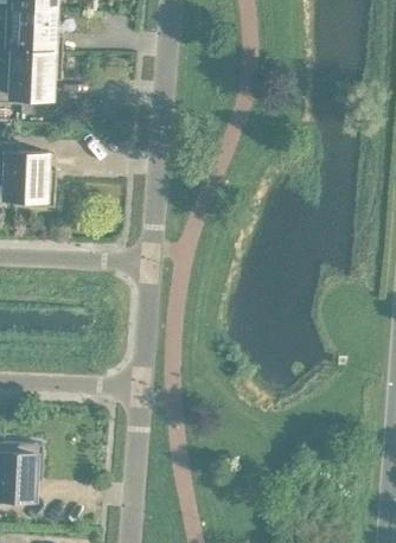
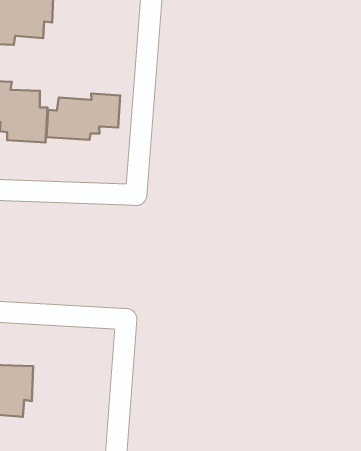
building: none -> [47,94,120,140]

